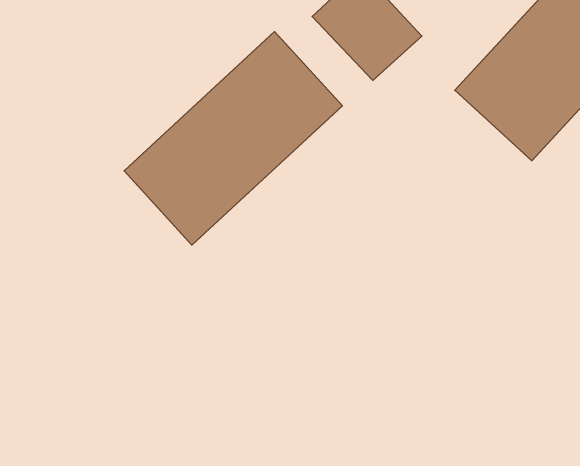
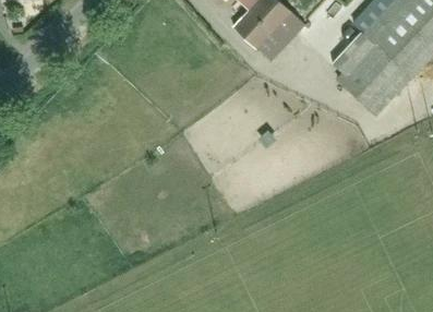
building: [124,32,342,245] -> none

